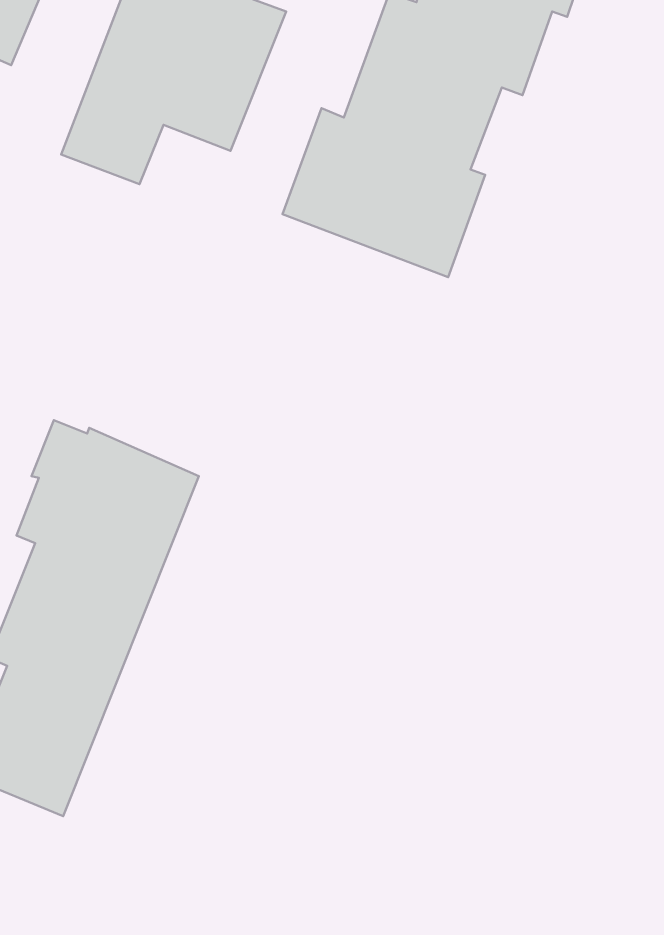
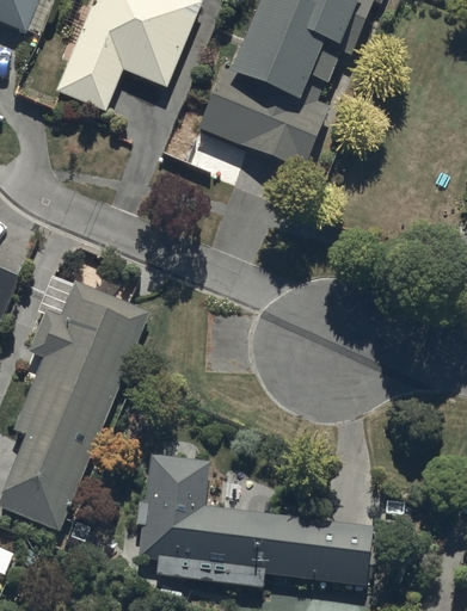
building: none -> [135,448,369,582]

